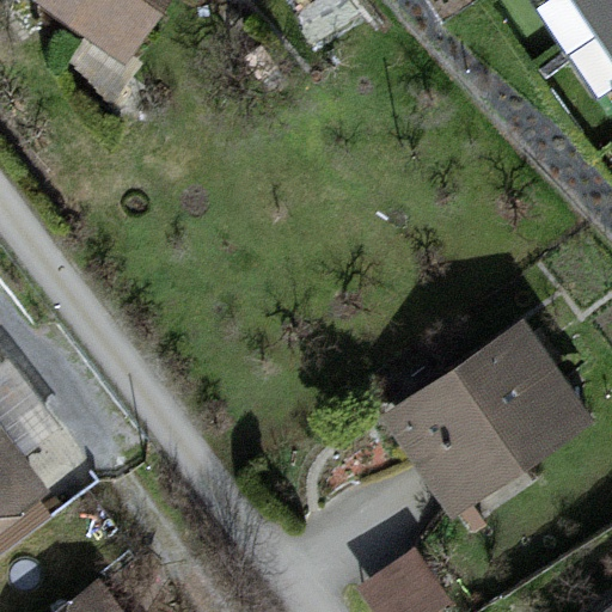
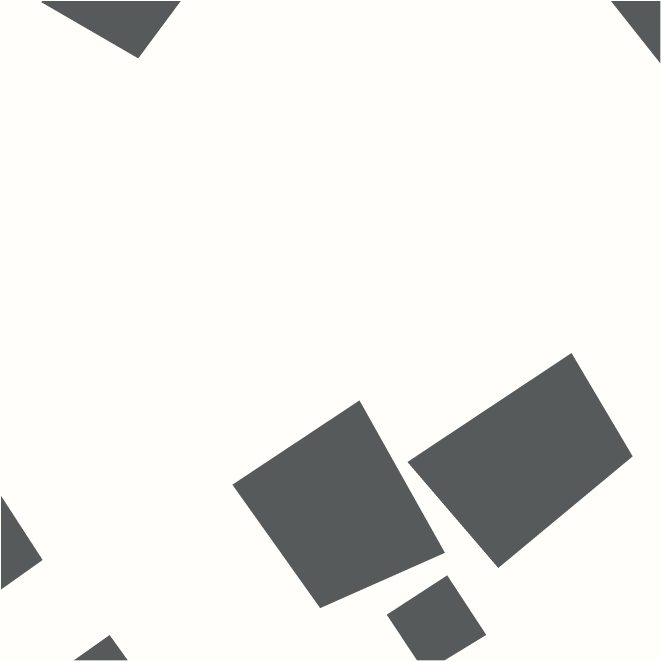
building: none -> [231,399,446,609]

